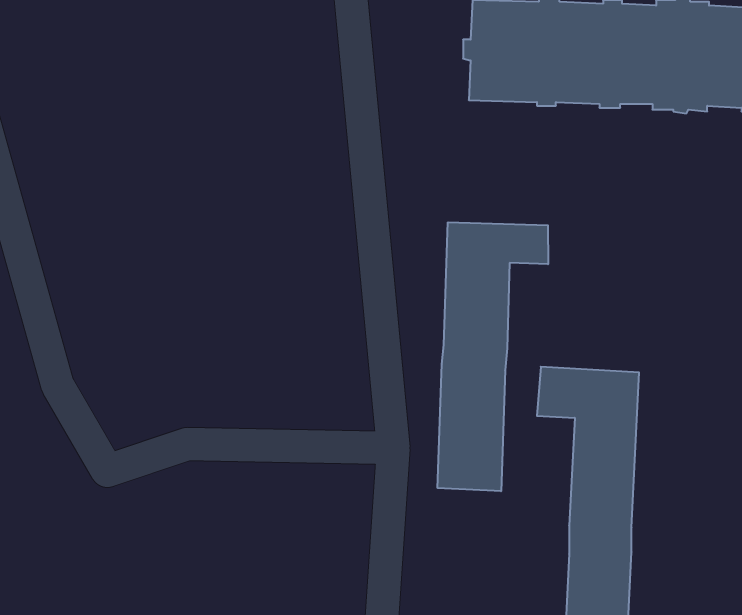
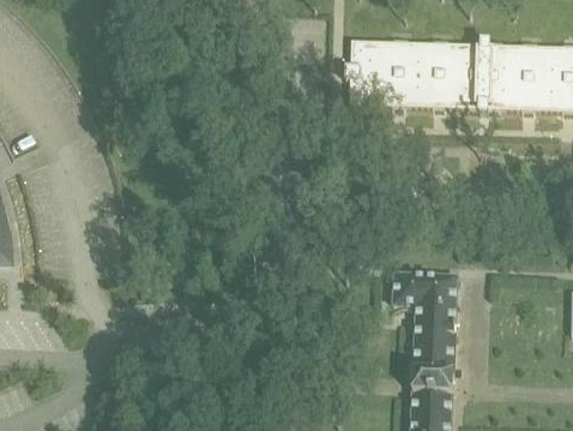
building: [438,222,548,491] -> none

